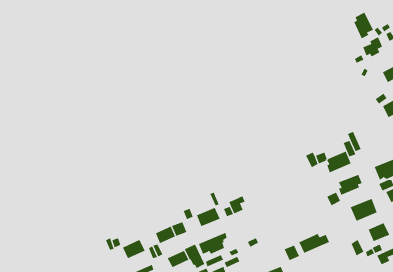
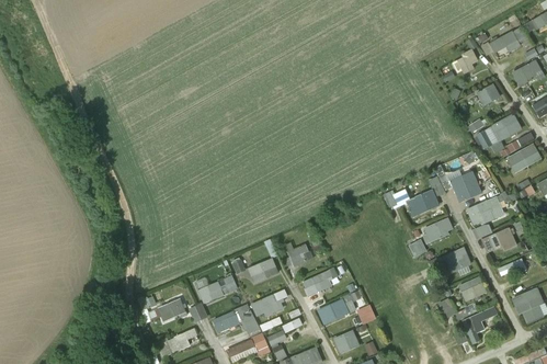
building: [354,12,374,39] -> none
building: none -> [452,172,480,202]
building: none -> [303,268,338,297]
building: [299,233,330,254] -> [318,299,356,325]

